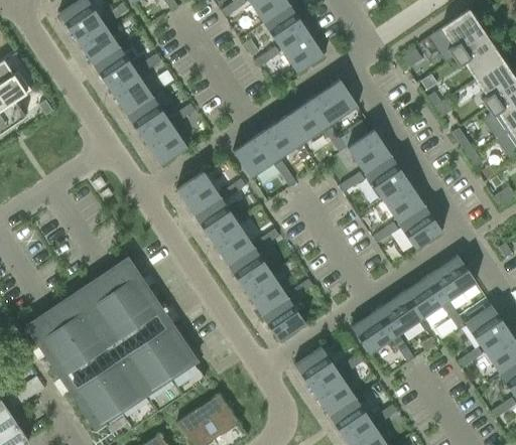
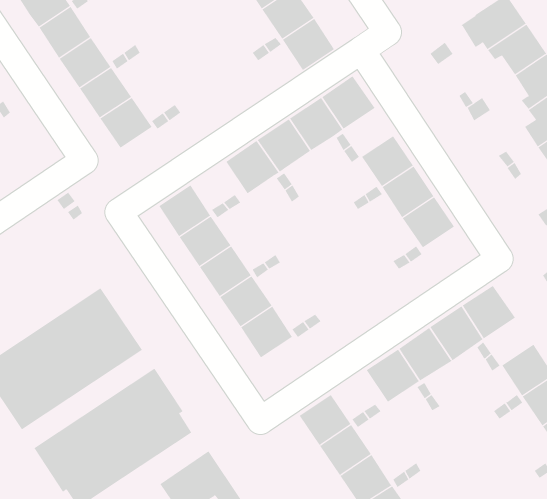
building: [144,122,188,166] -> none
building: [398,205,442,250] -> none
building: [262,298,306,341] -> none

